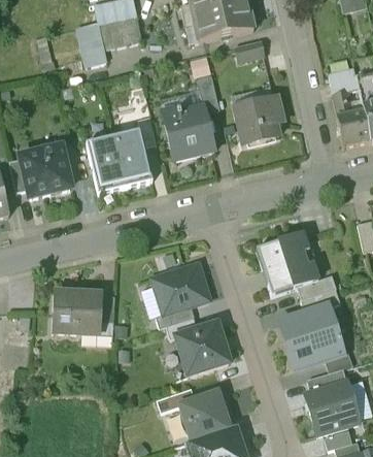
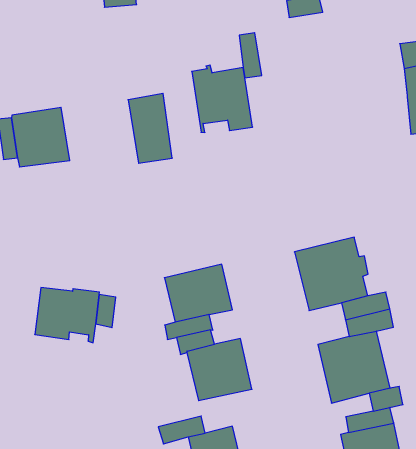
building: [233,95,282,142] -> none
building: [84,135,125,192] -> none

